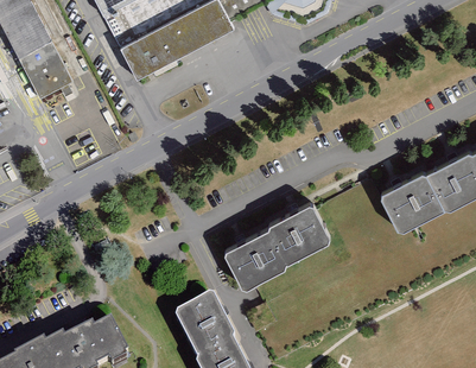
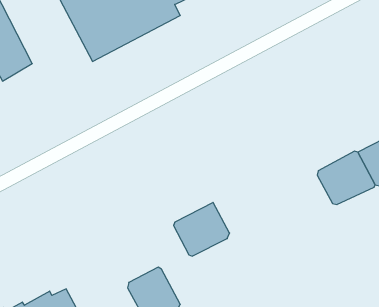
building: [268,208,329,264] -> none

